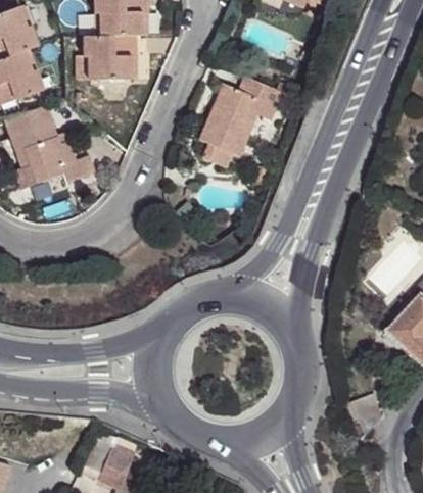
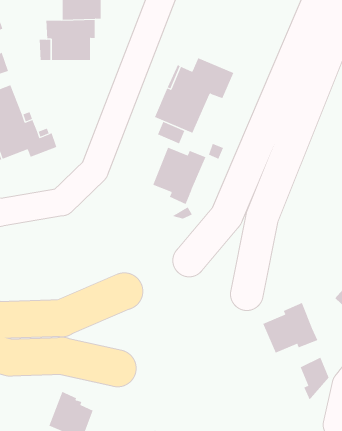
building: none -> [152,147,206,205]
building: none -> [262,302,318,353]

